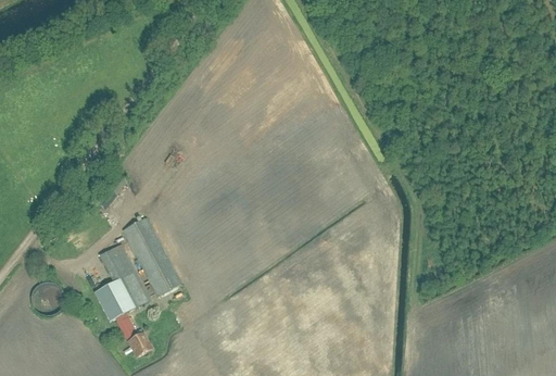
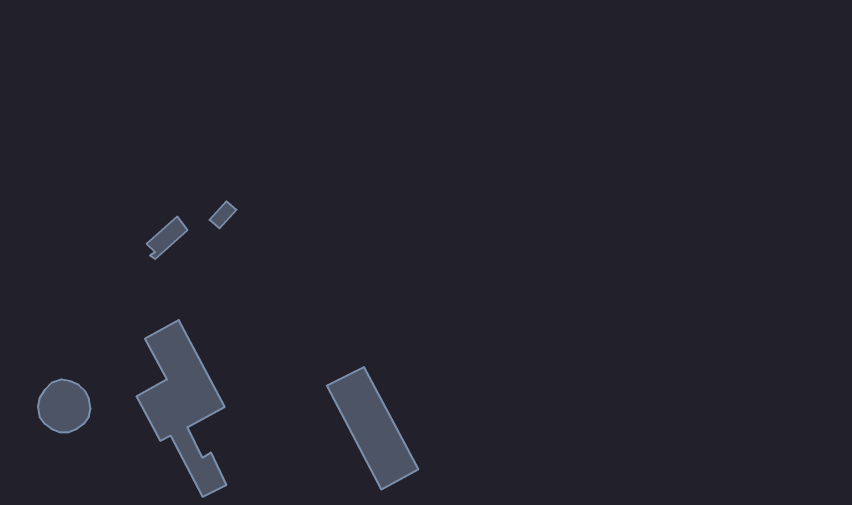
building: [122,217,180,296] -> [327,367,418,489]

